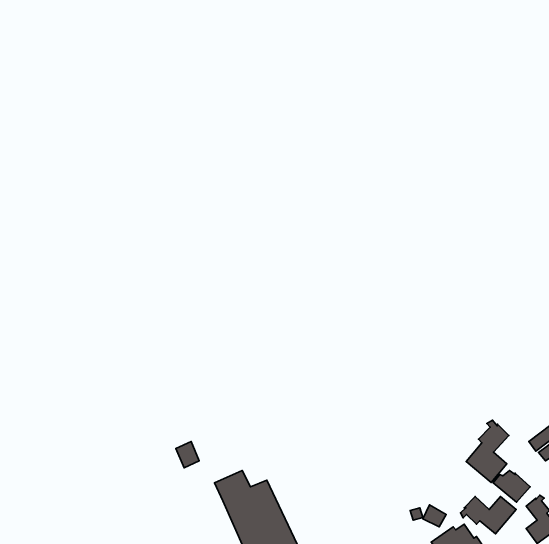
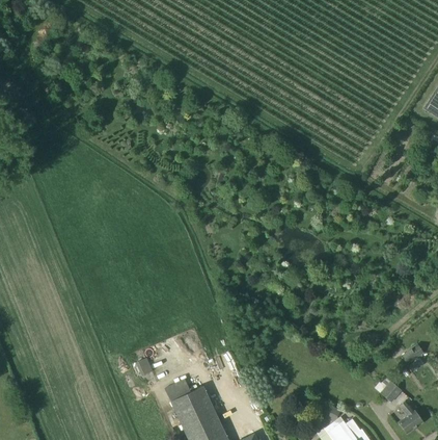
building: [466,420,509,482] -> none
building: [461,496,516,534] -> none

